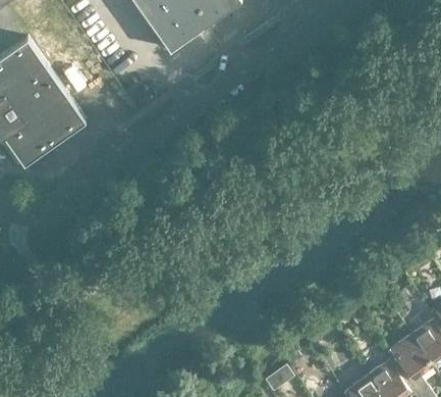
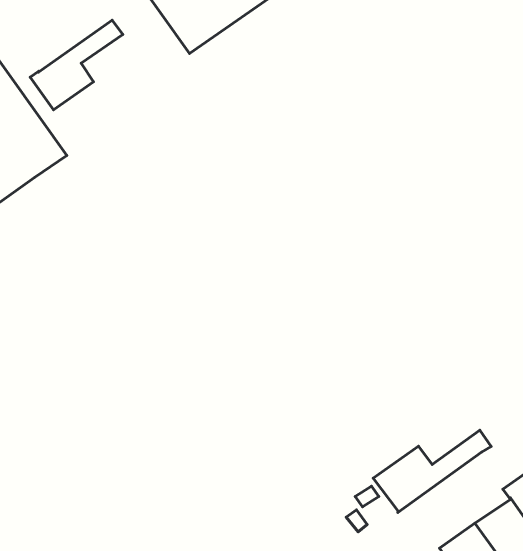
building: none -> [30,20,123,110]
building: none -> [373,430,491,513]

